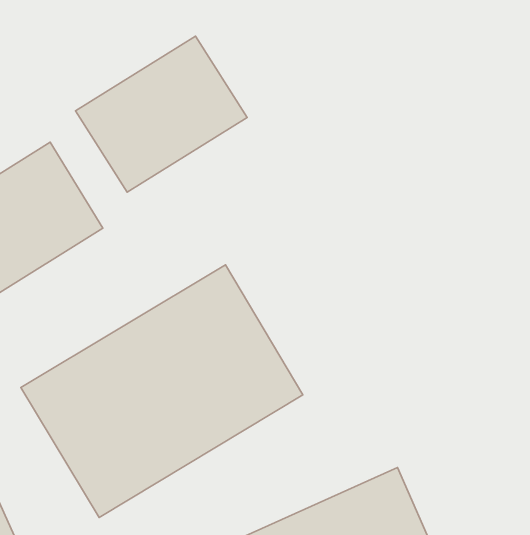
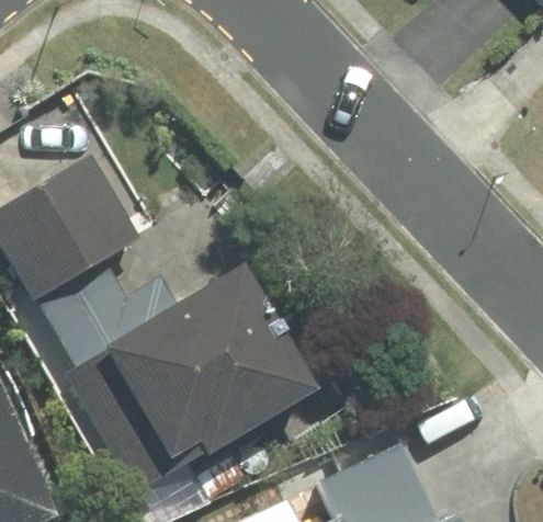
building: [76,36,247,192] -> none

